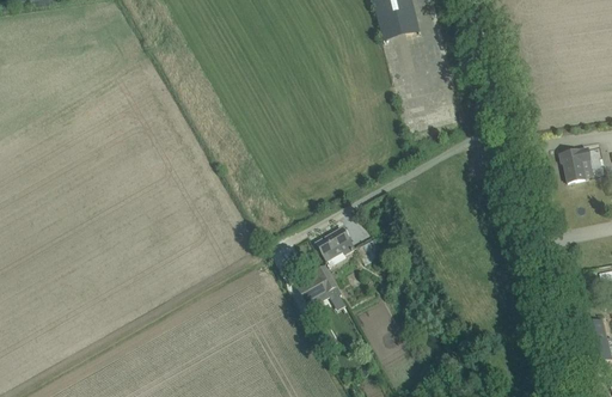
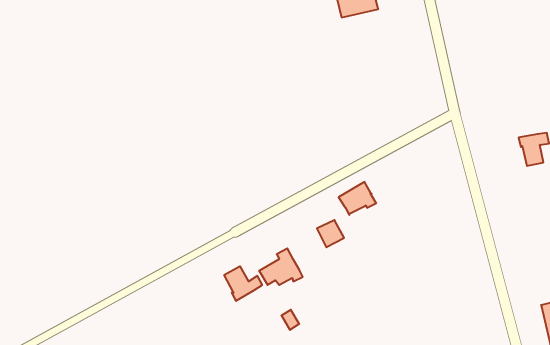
building: [317,227,355,261] -> [339,182,376,215]
building: none -> [224,266,262,301]

